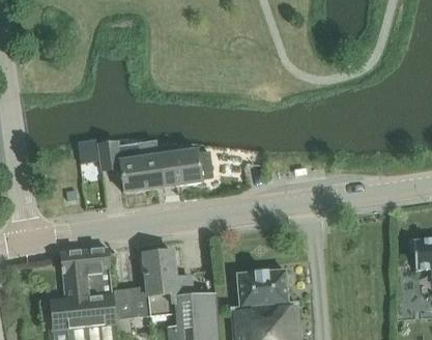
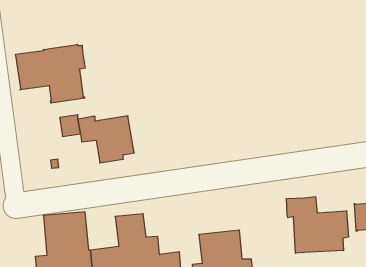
building: none -> [16,44,85,103]
building: [156,143,214,185] -> none
building: none -> [286,197,348,253]

